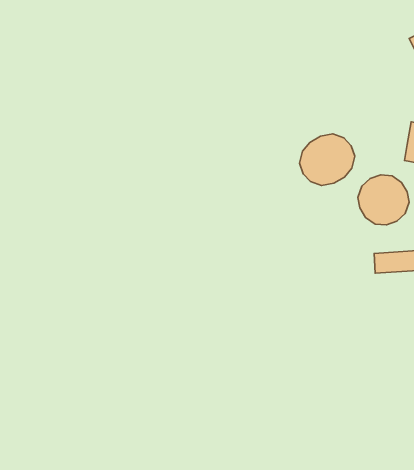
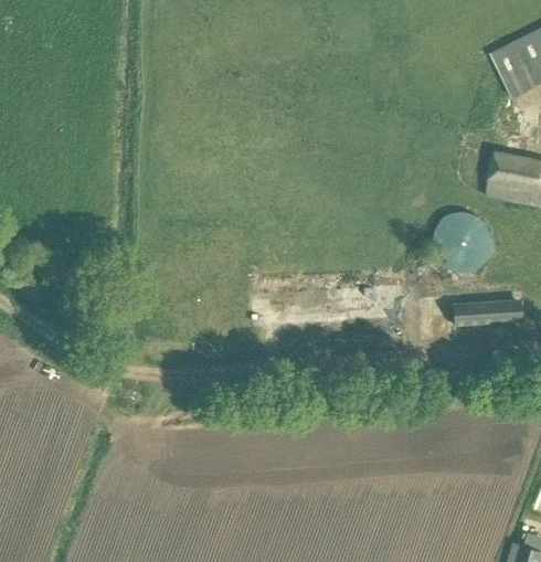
building: [300,134,355,185] -> none

